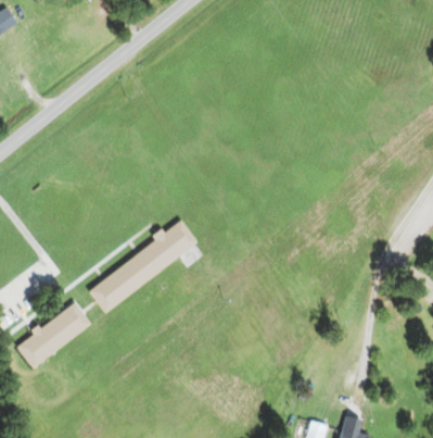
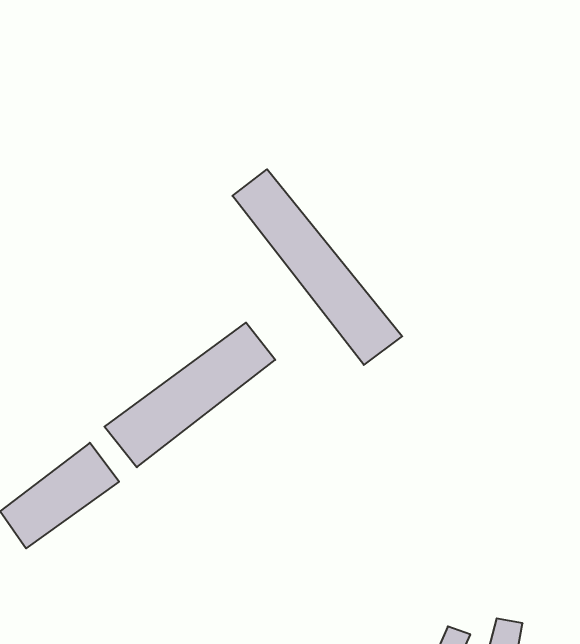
building: none -> [232,169,402,365]

